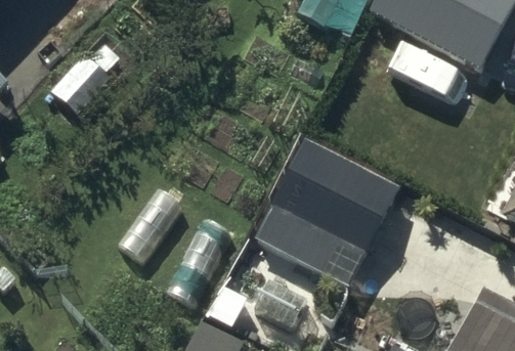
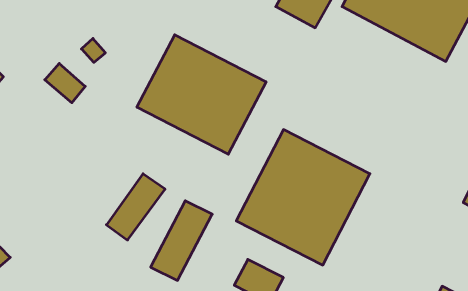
building: none -> [137,35,266,154]

